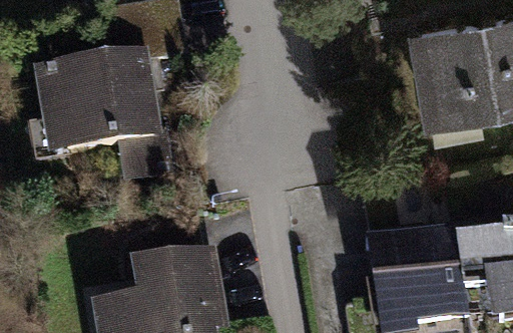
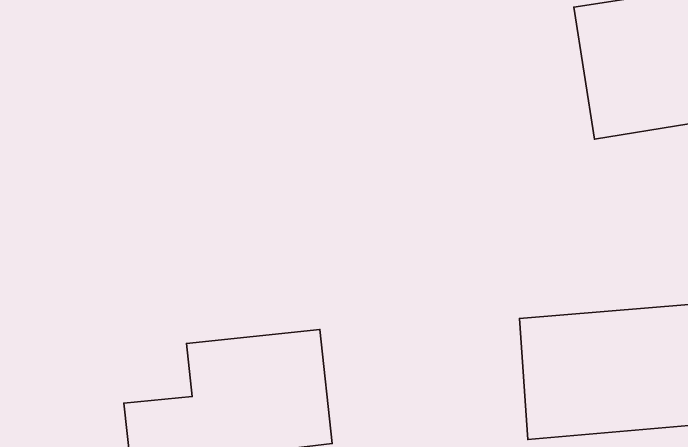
building: [39,41,166,148] -> none

